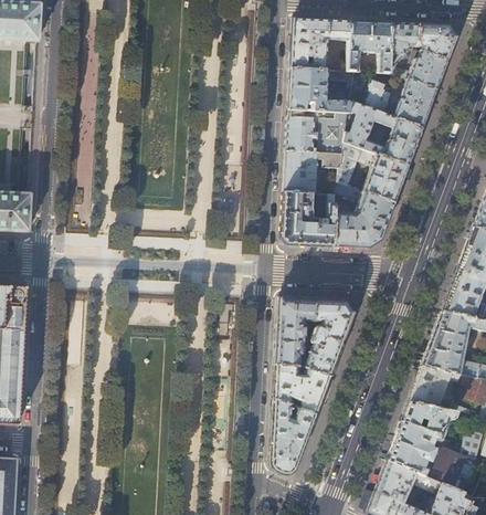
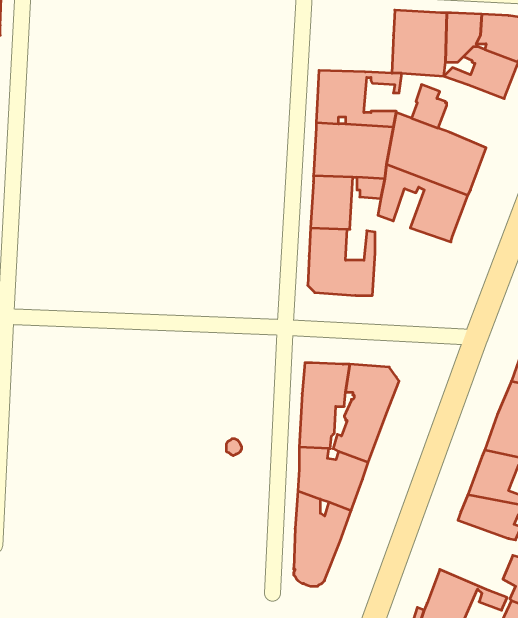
building: [290,18,350,69] -> none
building: [393,78,436,128] -> none
building: [332,181,394,246] -> none
building: [385,421,440,476] -> none

